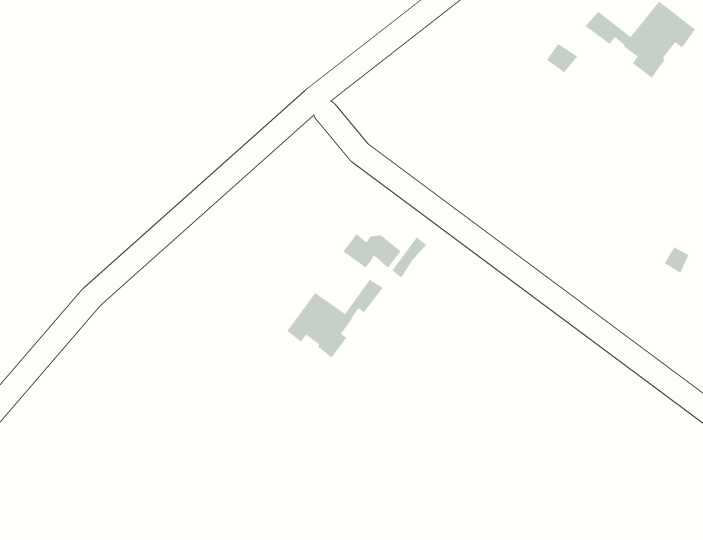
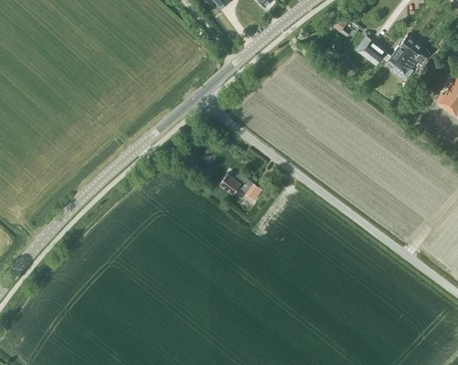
building: [286,279,384,358] -> none

